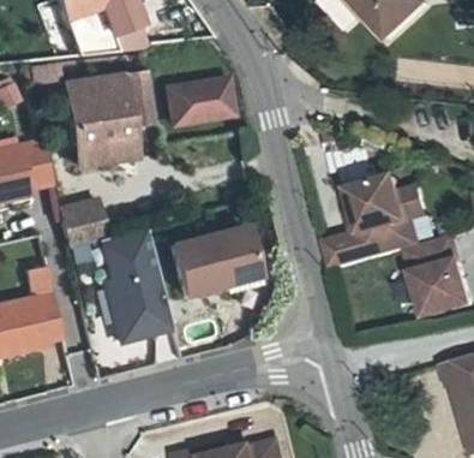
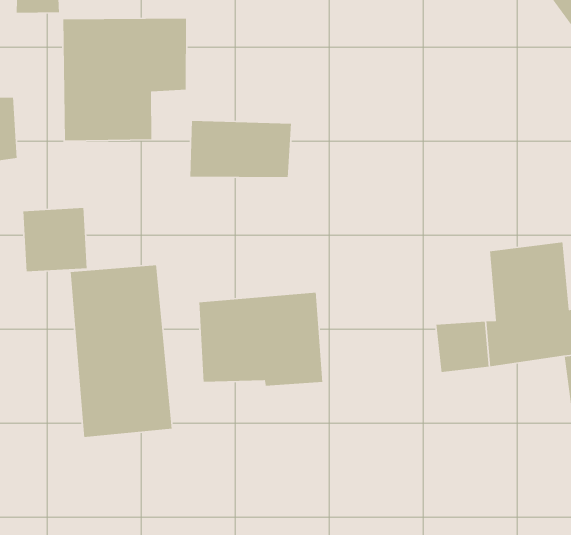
building: [162,79,229,124] -> [190,120,292,178]

